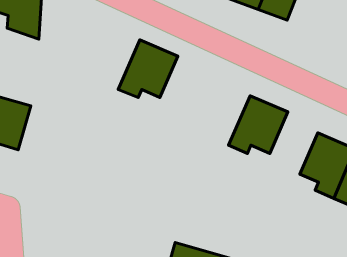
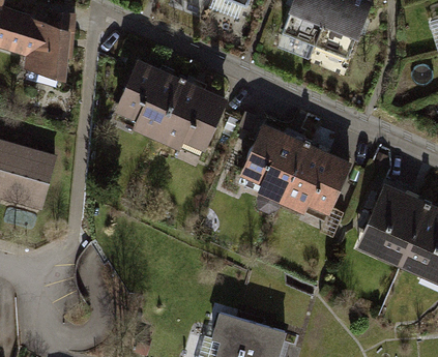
building: none -> [117,61,180,137]
building: none -> [242,125,306,201]

